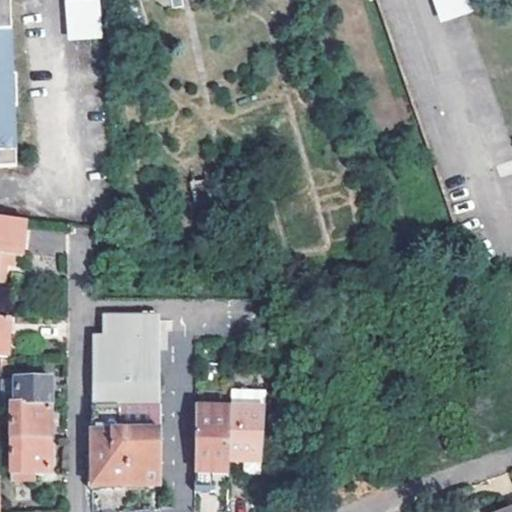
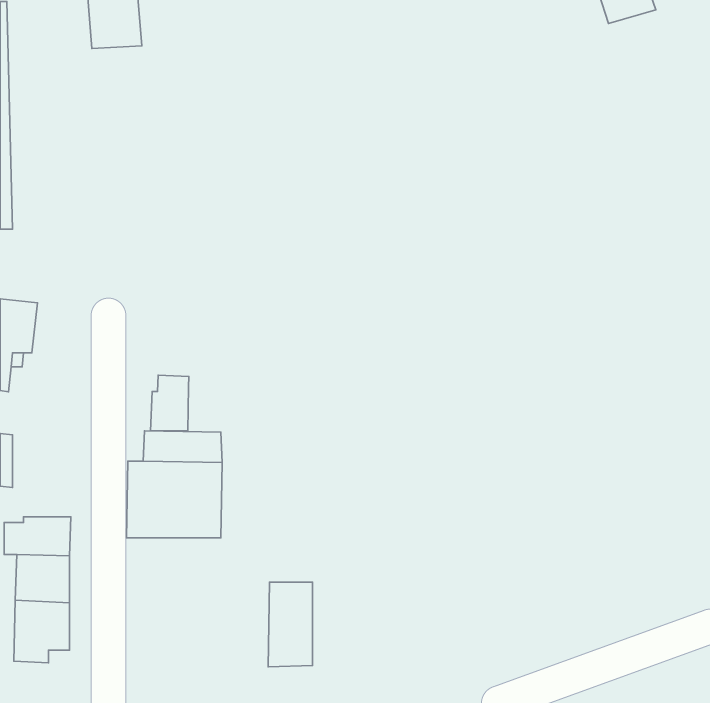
building: none -> [150,375,189,431]
building: [90,387,159,484] -> none
building: [228,405,264,460] -> none

